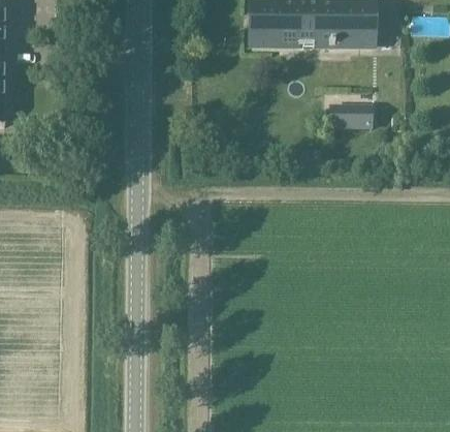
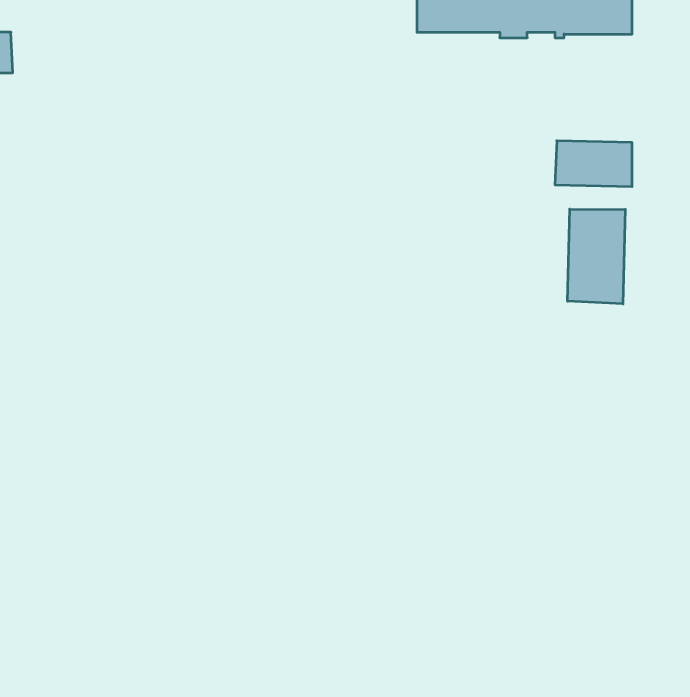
building: none -> [568,209,625,304]

